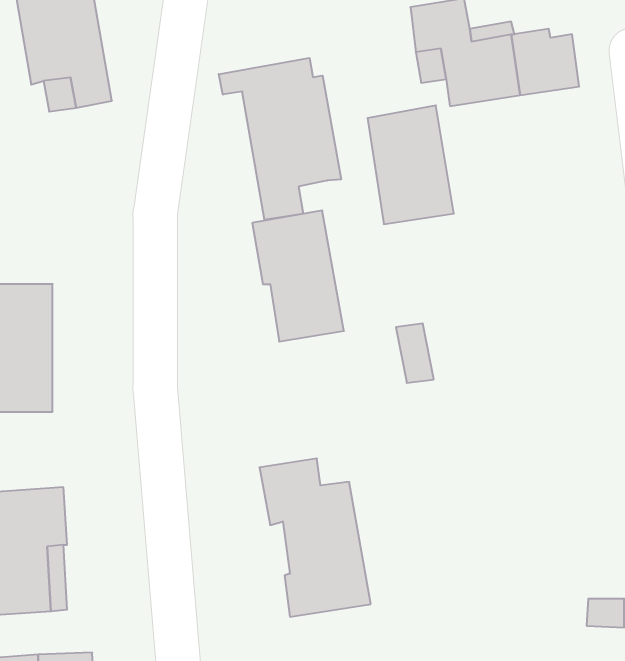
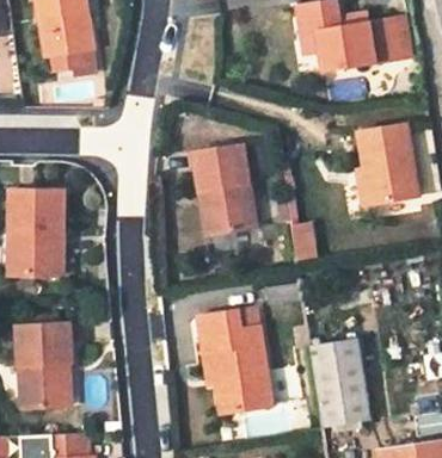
building: [219,58,341,220] -> none
building: [368,105,454,224] -> [357,117,415,196]
building: none -> [309,336,372,425]

